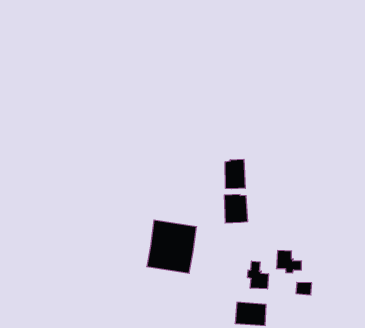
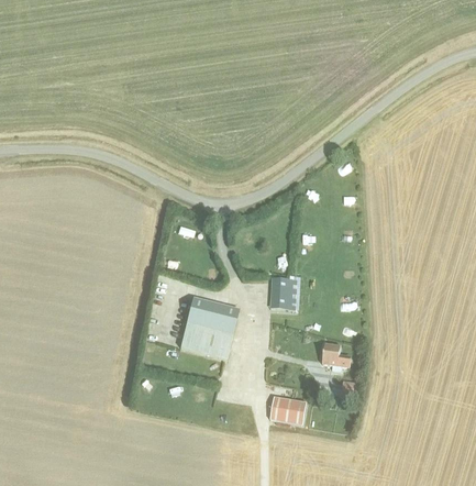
building: [225,159,245,189] -> none
building: [248,261,268,289] -> none

